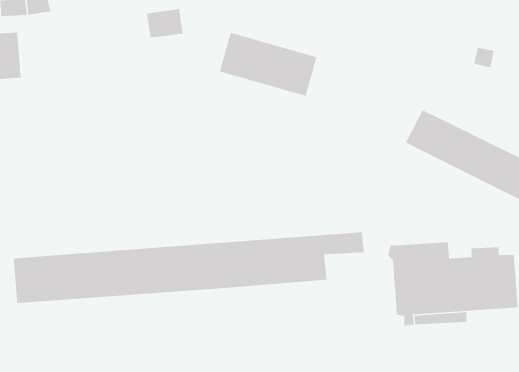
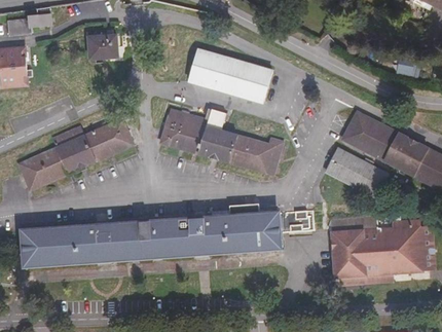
building: [146,8,184,38] -> [88,35,119,60]
building: none -> [160,108,280,174]
building: none -> [20,121,133,188]
building: none -> [326,147,386,195]

